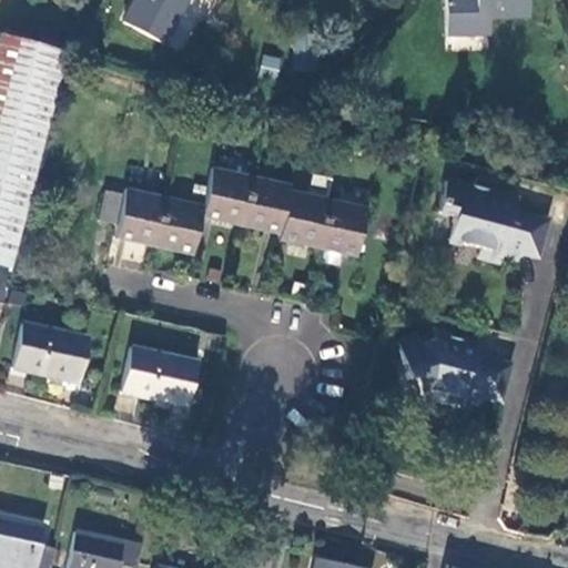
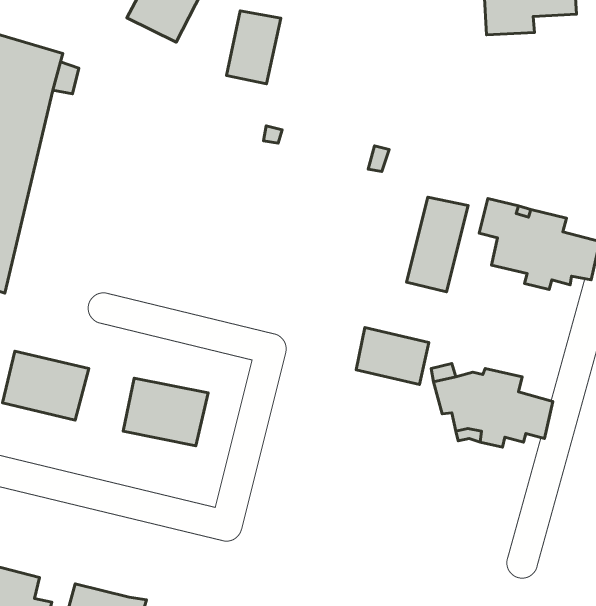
building: none -> [226,11,281,84]
building: [98,168,366,255] -> none
building: none -> [407,197,468,292]
building: none -> [356,327,429,385]

